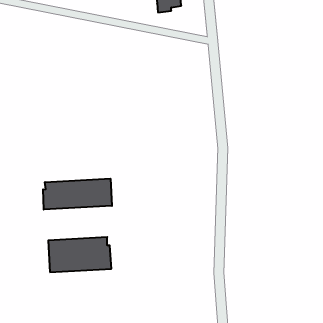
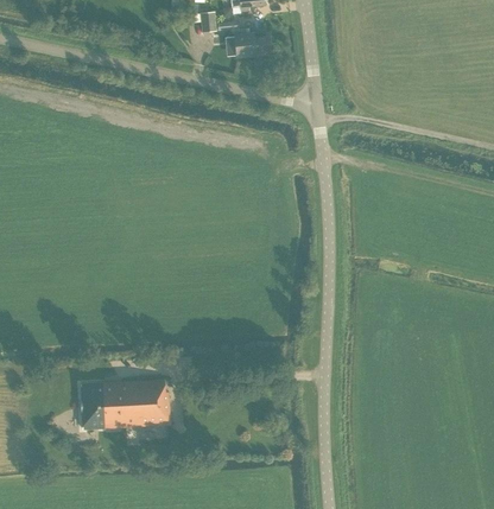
building: [43,179,112,210] -> none

